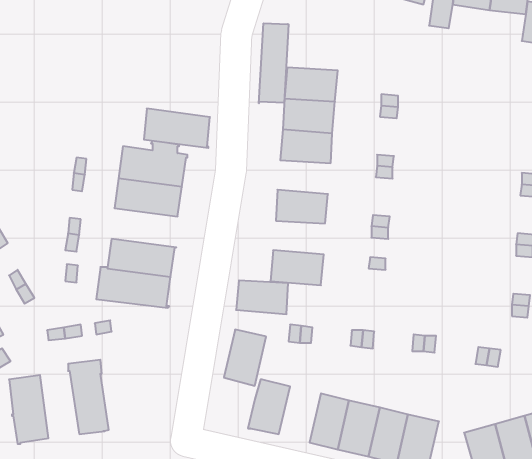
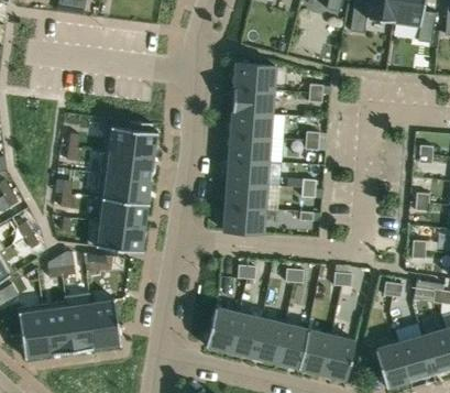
building: [259,23,289,103] -> none
building: [144,109,210,148] -> [99,174,151,205]
building: none -> [229,137,271,163]
building: [236,280,288,314] -> [226,184,266,210]
building: [224,330,266,386] -> [230,314,263,358]
building: none -> [90,298,122,348]
building: none -> [43,302,74,354]

